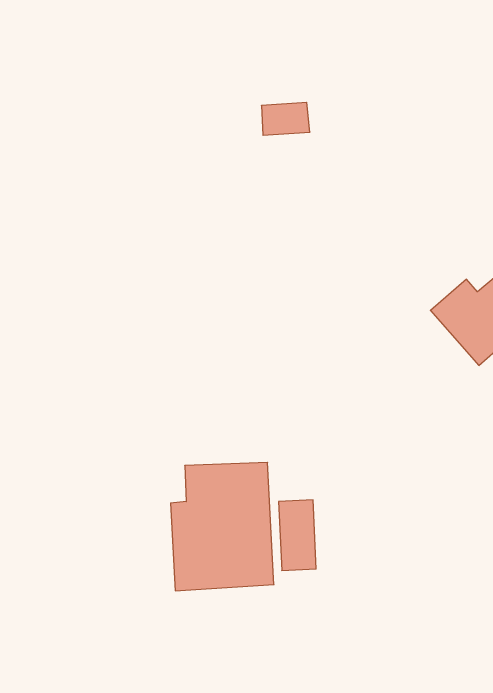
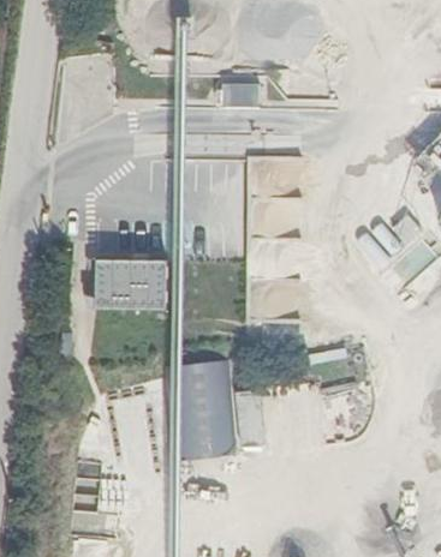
building: none -> [100,256,173,309]

